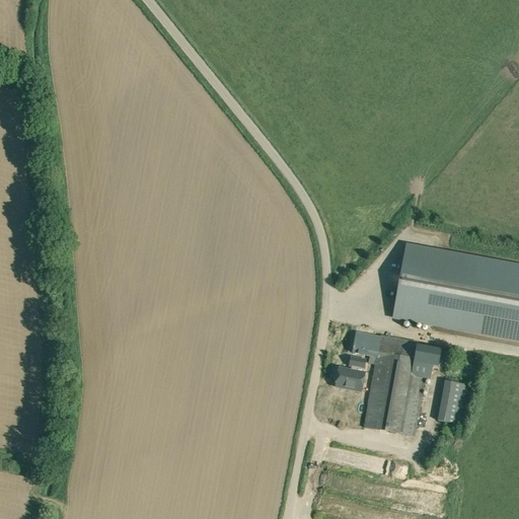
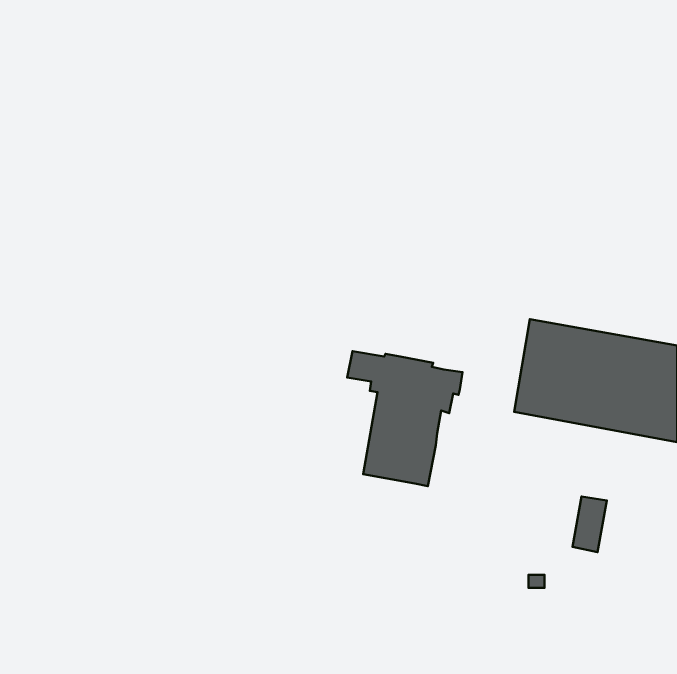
building: [352,331,440,435] -> [347,351,462,486]
building: [332,356,362,389] -> none

